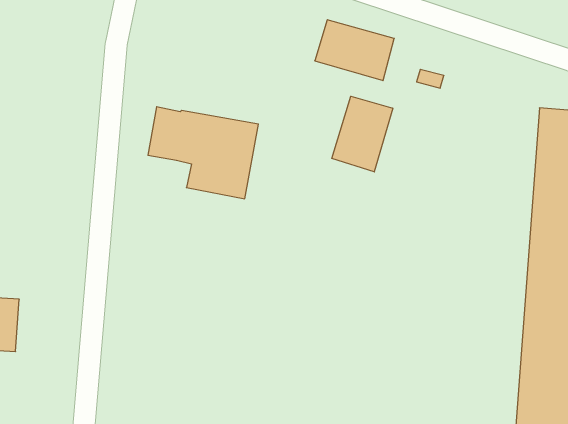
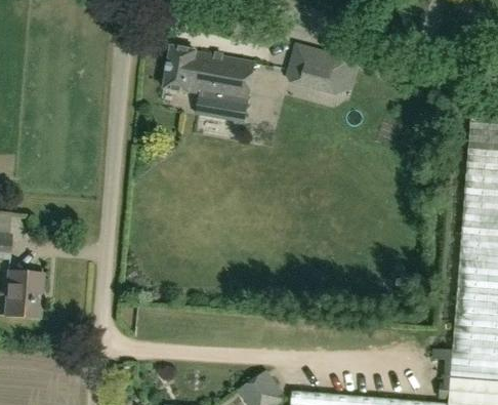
building: [332,96,393,172] -> none
building: [148,107,258,199] -> [164,47,255,123]

